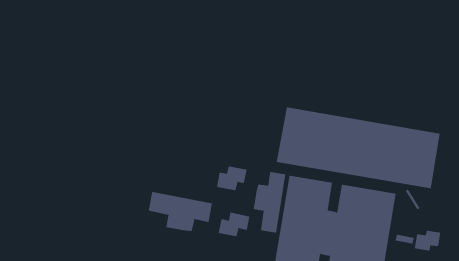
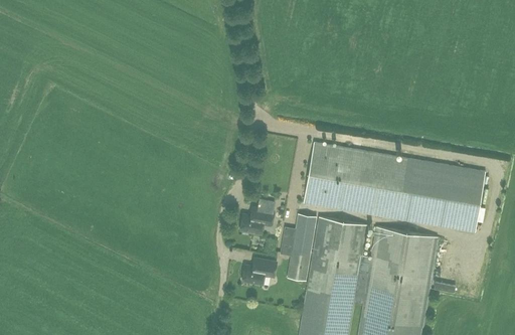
building: [148,191,213,232] -> none
building: [414,230,441,252] -> none

